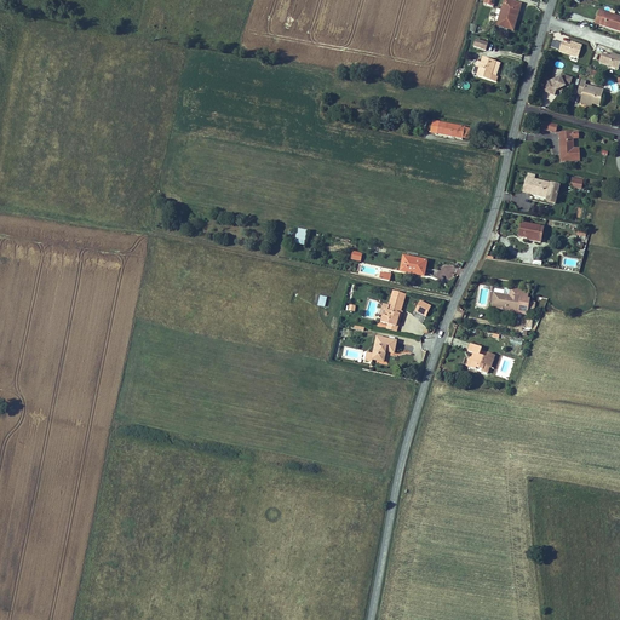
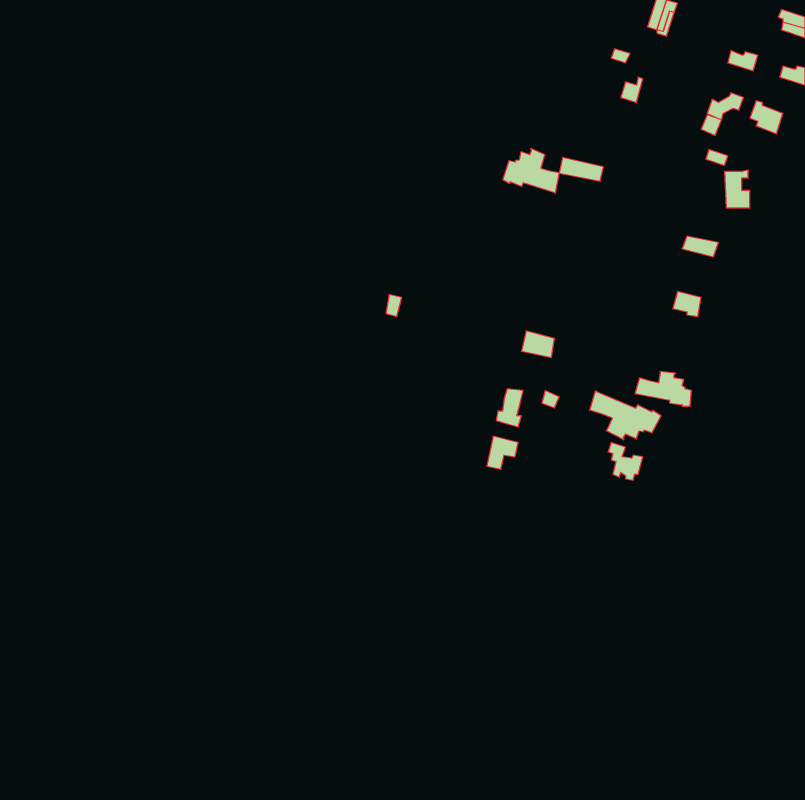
building: none -> [503,148,559,193]
building: none -> [590,391,661,440]

